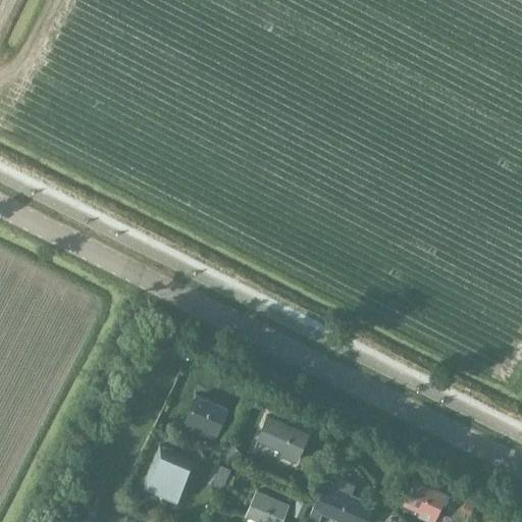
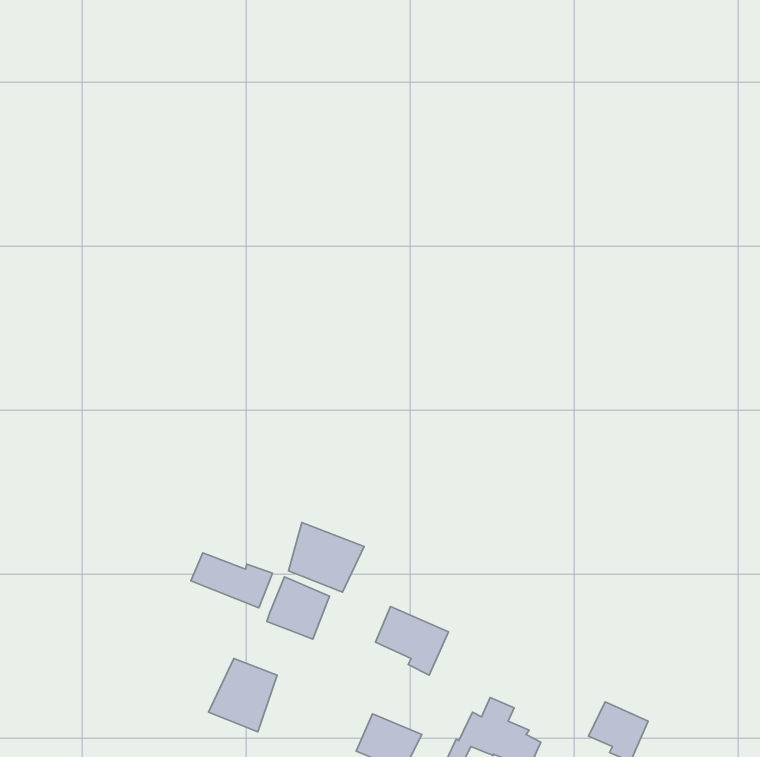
building: none -> [288,522,364,592]
building: none -> [191,553,272,608]

